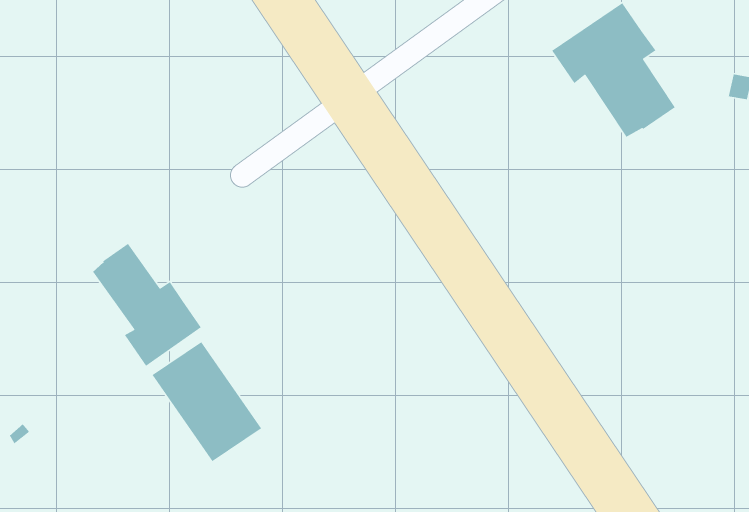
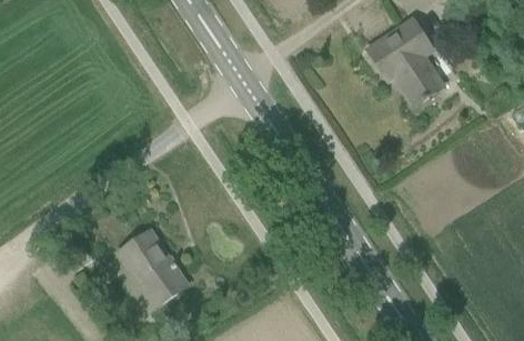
building: [92,243,202,367] -> none

